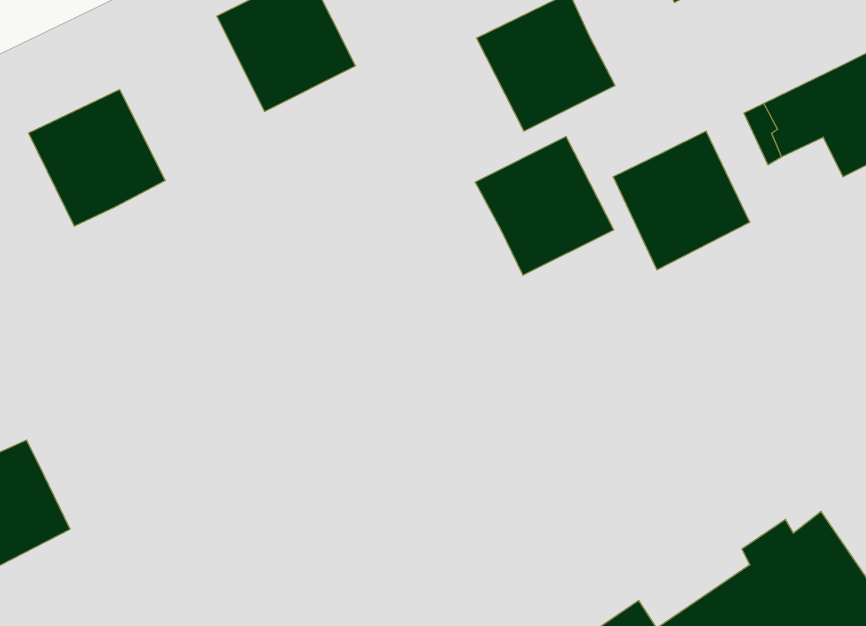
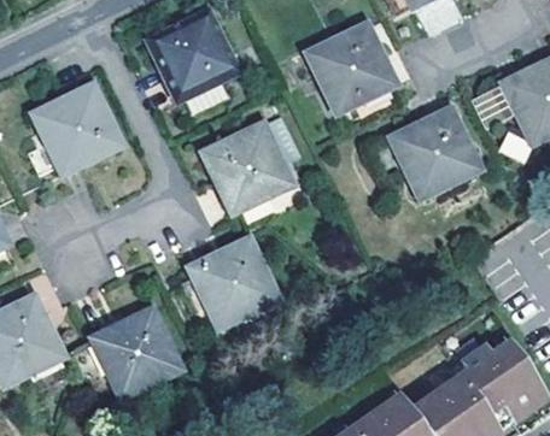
building: [475,137,614,275] -> [203,122,287,206]
building: none -> [188,237,275,322]
building: none -> [92,306,177,389]

